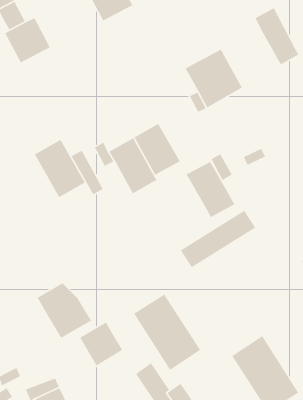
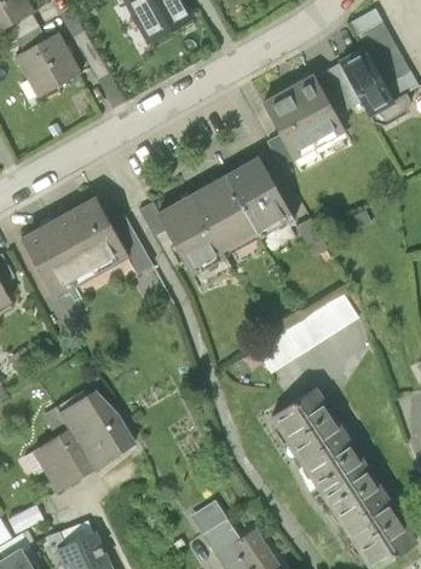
building: none -> [338,51,391,117]
building: none -> [21,220,91,300]
building: [185,161,236,218] -> [225,159,293,237]
building: [133,294,201,371] -> [273,388,365,492]
building: [79,322,123,366] -> [34,430,93,490]

